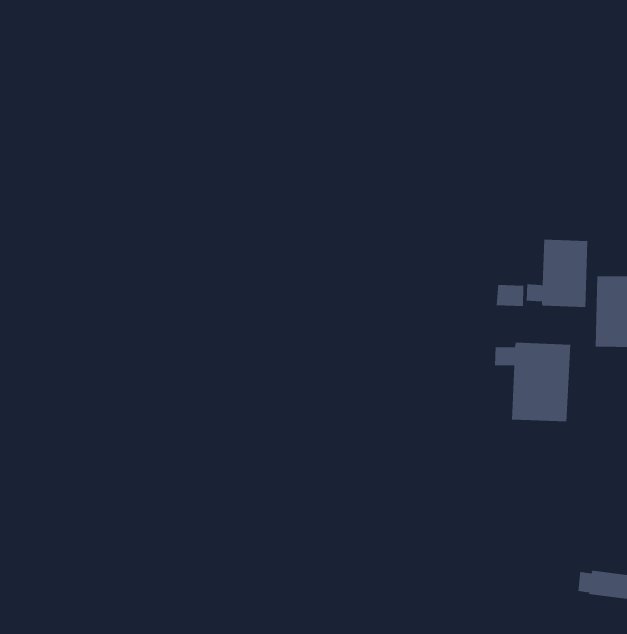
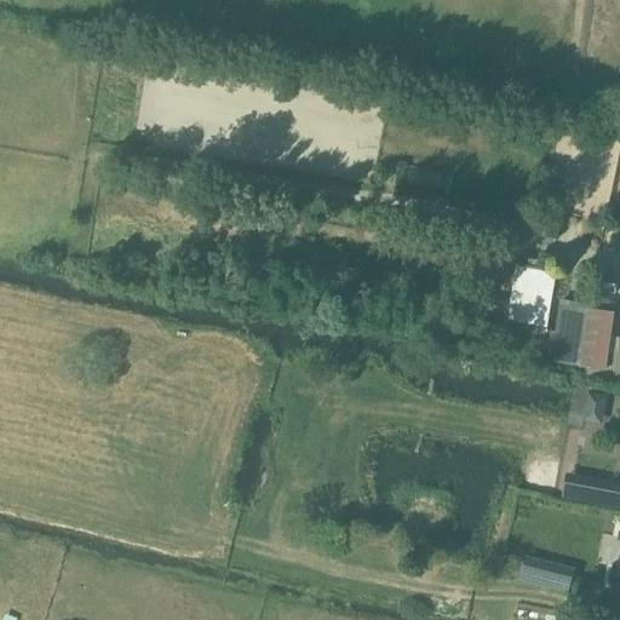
building: [495,342,571,422] -> none

